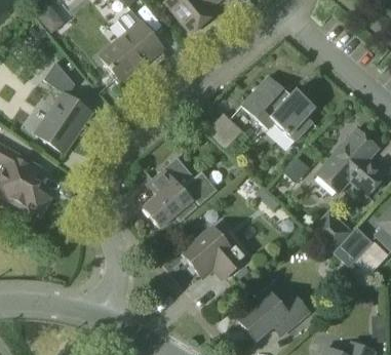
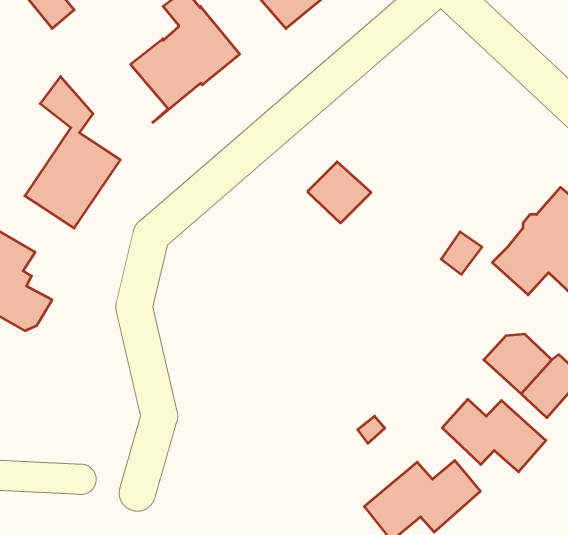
building: [241,75,315,141] -> none
building: [143,157,216,228] -> none
building: [182,226,248,279] -> none
building: none -> [442,399,546,472]

